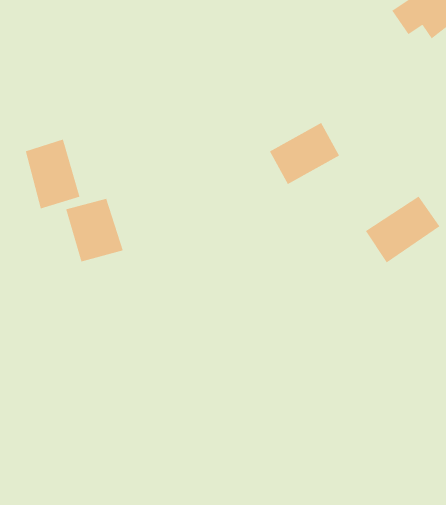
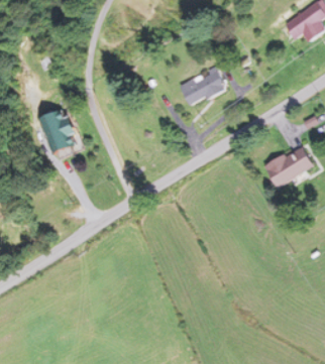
building: [269,122,340,185] -> [179,66,225,107]
building: [65,198,124,263] -> none

